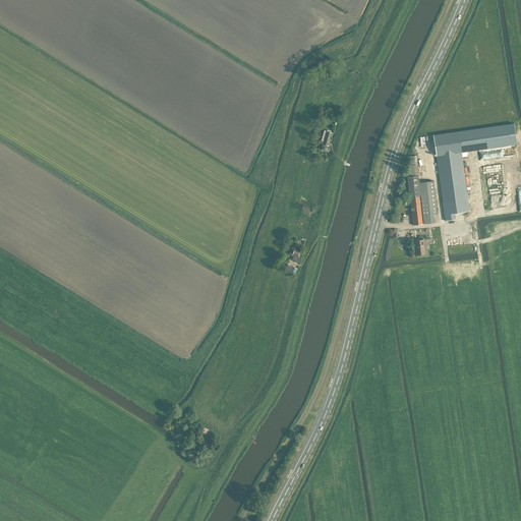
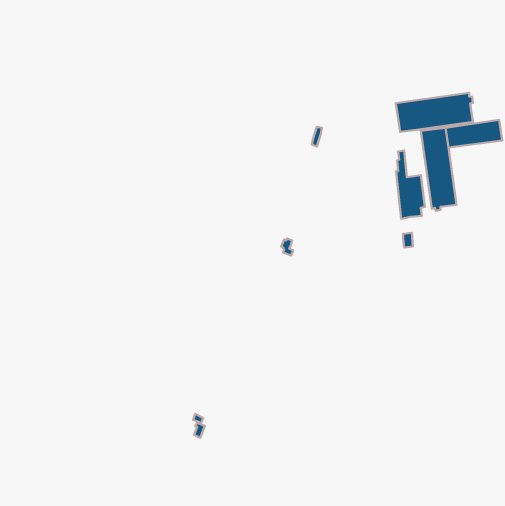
building: none -> [396,93,473,132]

